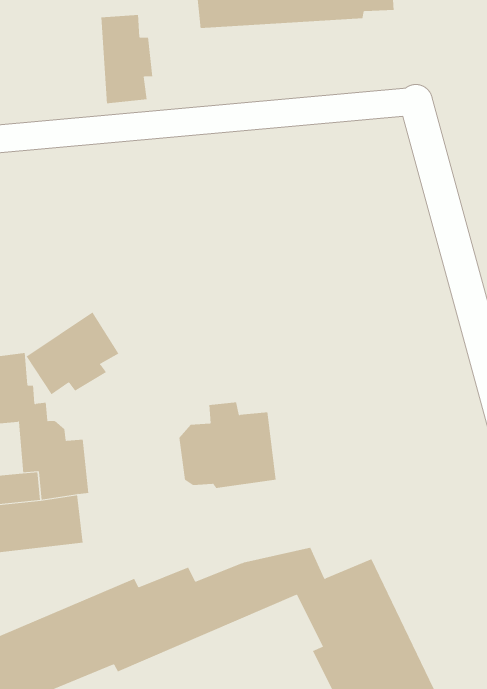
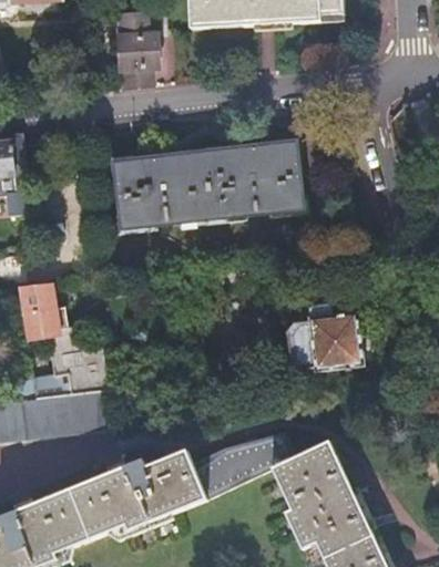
building: none -> [114,141,303,228]
building: [26,311,119,395] -> none
building: [179,402,277,488] -> [283,306,359,373]

